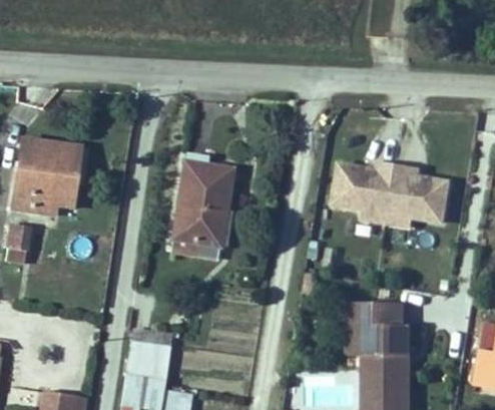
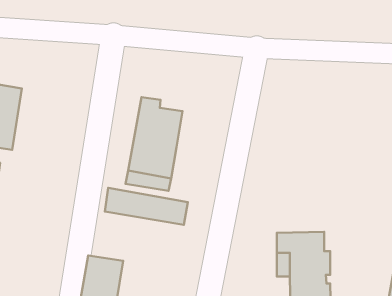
building: [42,141,83,214] -> none
building: [336,162,452,230] -> none
building: none -> [105,188,188,225]

